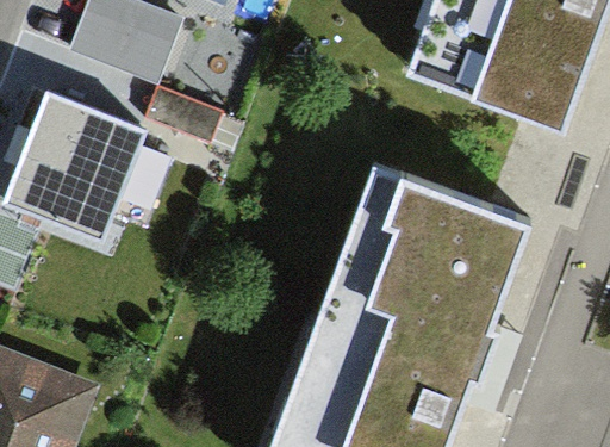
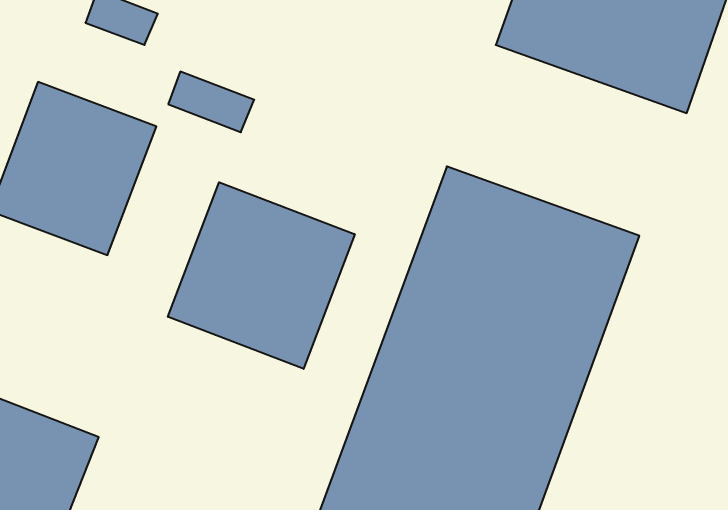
building: none -> [168,182,355,369]

